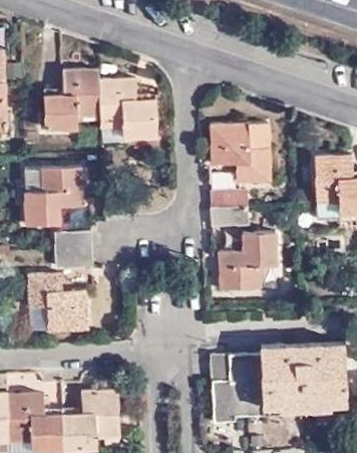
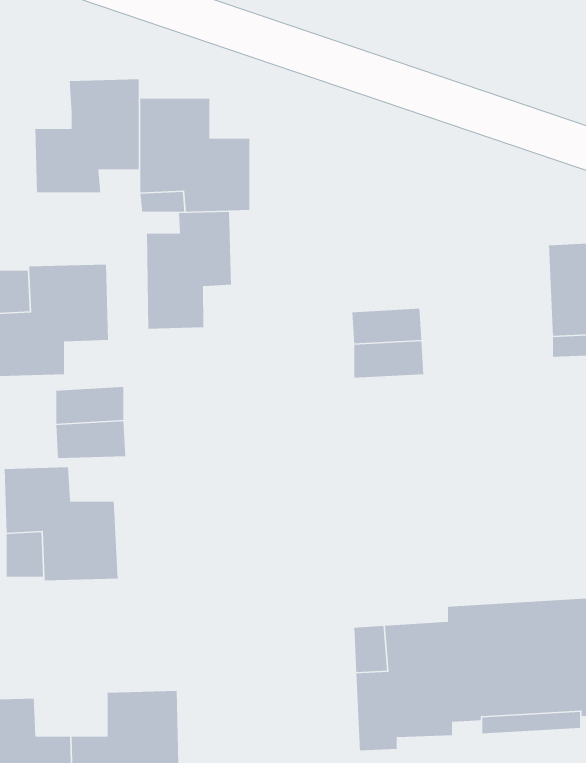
building: [211,124,270,184] -> none
building: none -> [146,211,232,329]
building: [220,233,278,291] -> none

